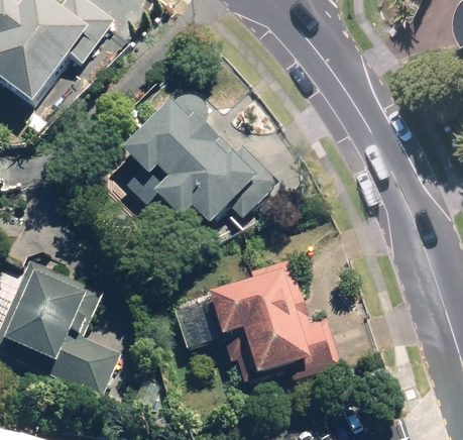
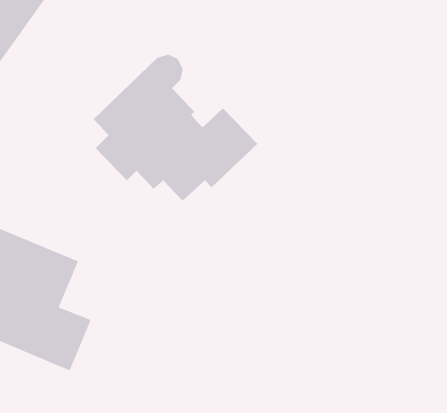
building: [176,256,345,388] -> none

